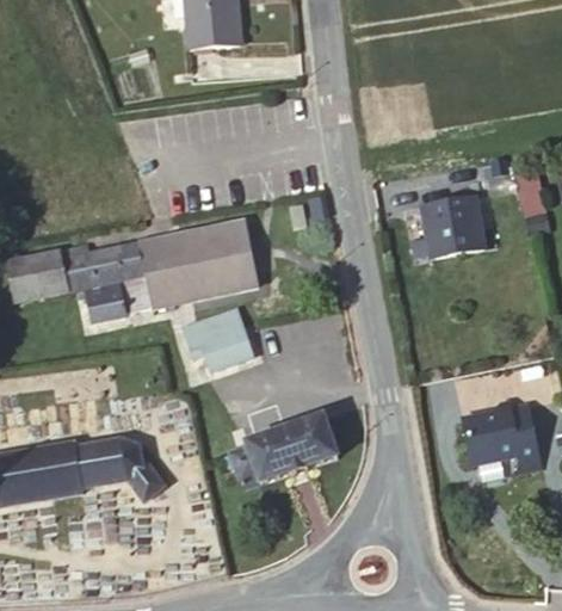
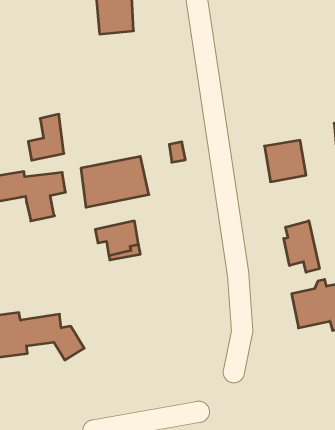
building: [121,237,171,302] -> [28,114,64,160]
building: none -> [284,221,319,272]
building: [221,413,346,495] -> none

